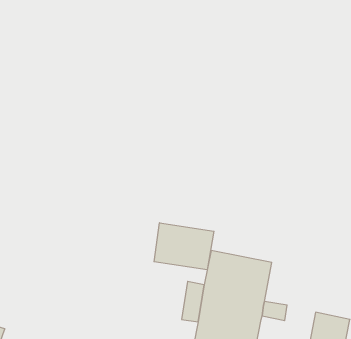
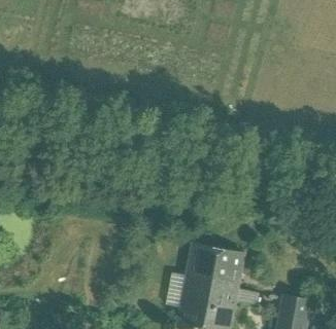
building: [154,223,214,270] -> none

